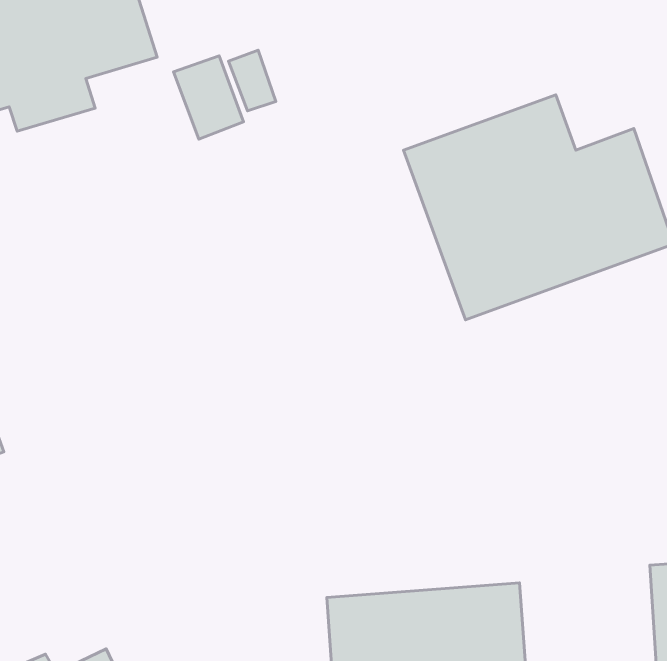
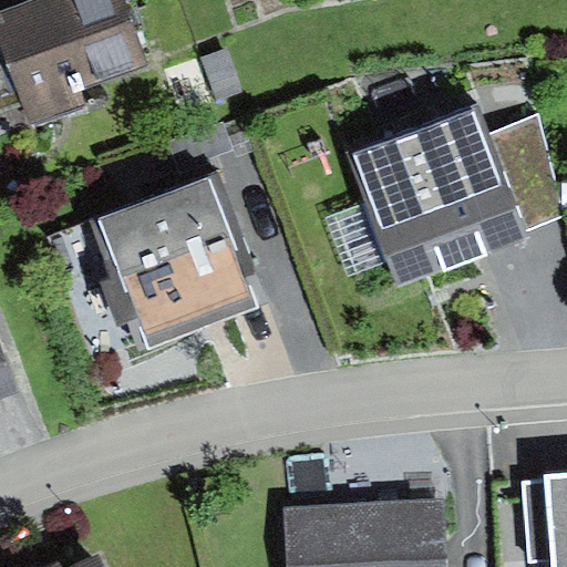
building: none -> [96,167,260,344]

